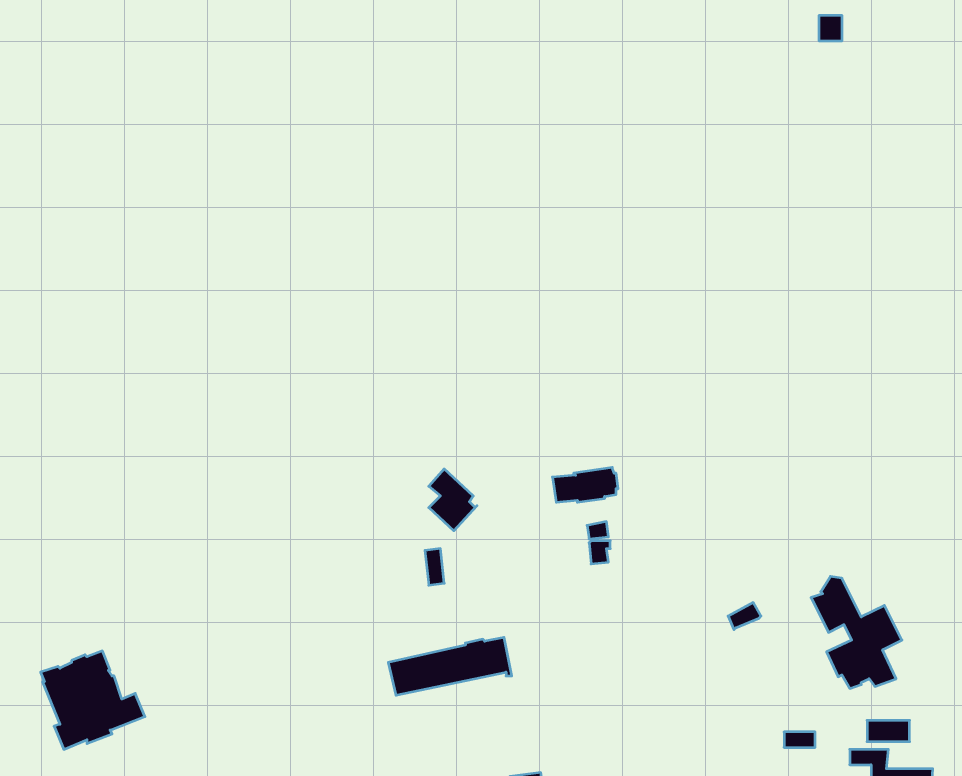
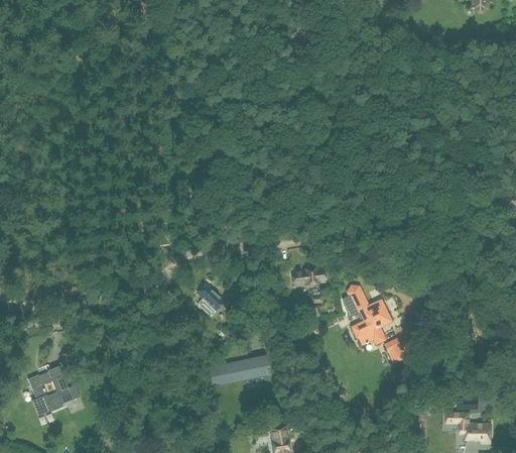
building: [429,469,477,531] -> [199,284,224,316]
building: [811,576,902,688] -> [343,287,390,345]

